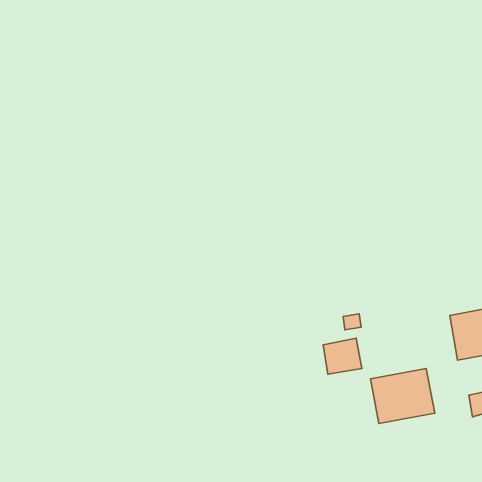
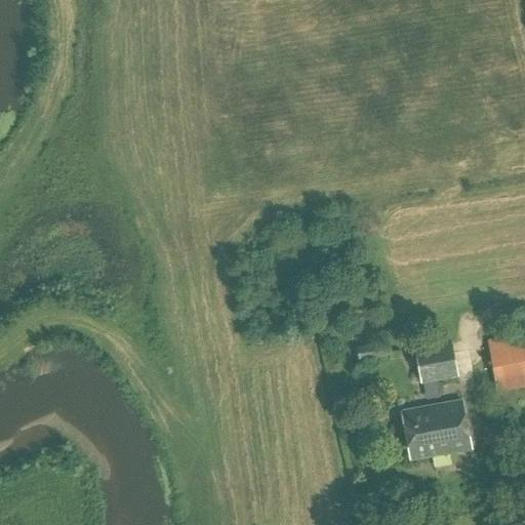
building: [323,338,362,374] -> [417,342,459,381]

